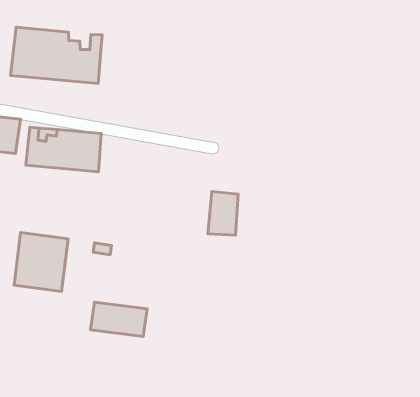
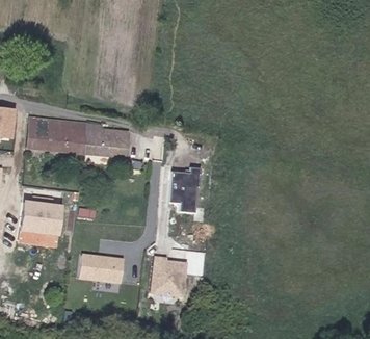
building: [11,27,102,84] -> none
building: none -> [84,123,129,157]
building: none -> [150,258,186,297]

